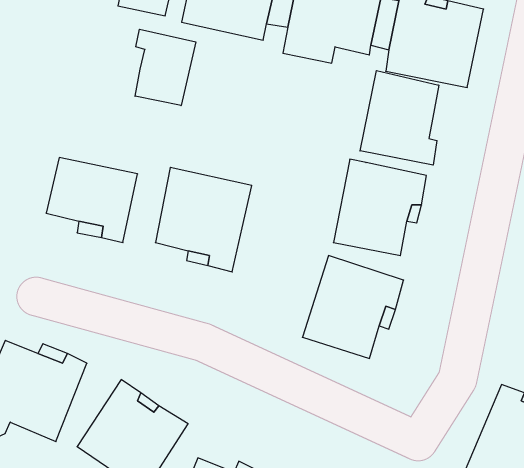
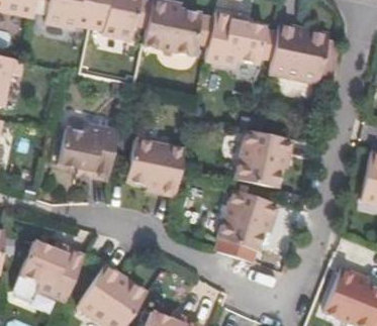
building: [135,29,196,106] -> none
building: [360,71,439,165] -> none

